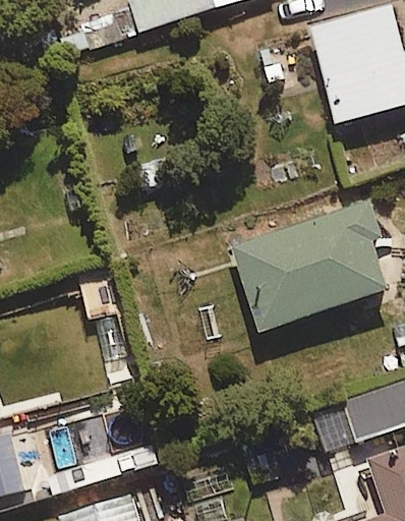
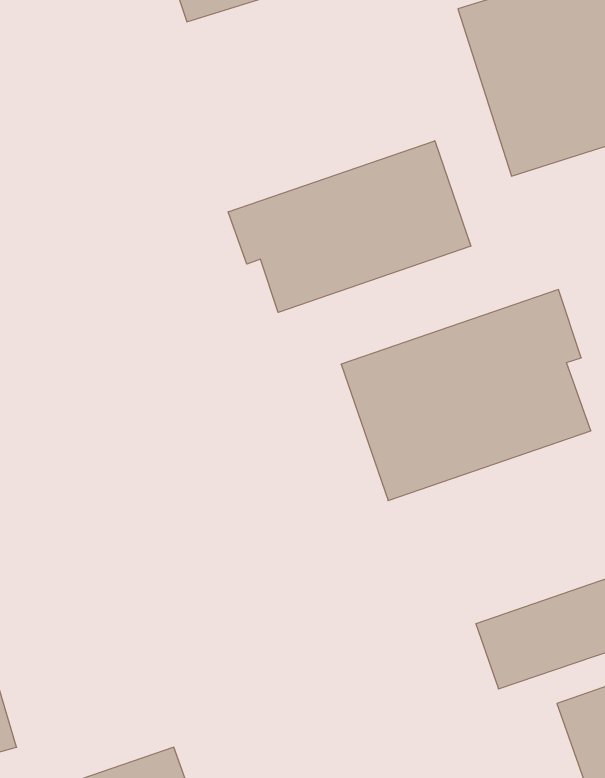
building: none -> [228,141,471,312]

